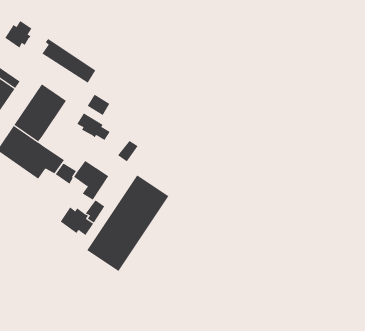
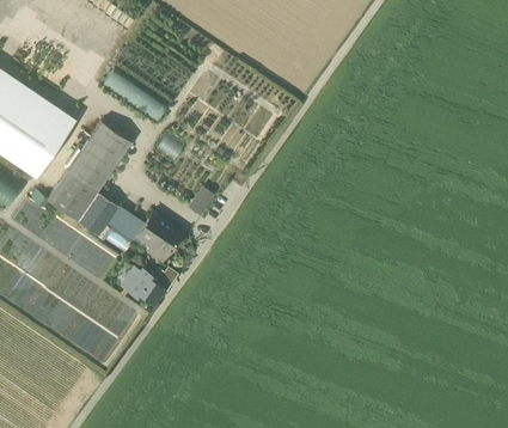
building: [5,20,32,48] -> none
building: [76,112,110,141] -> none
building: [86,174,169,272] -> none

